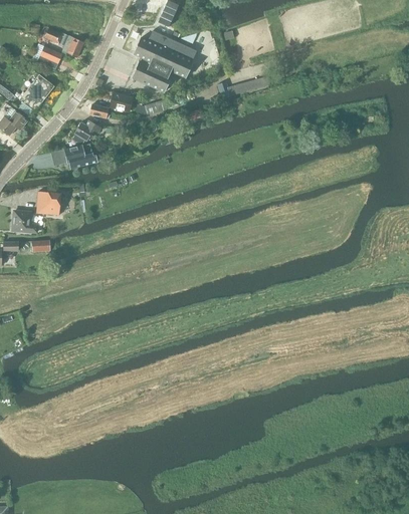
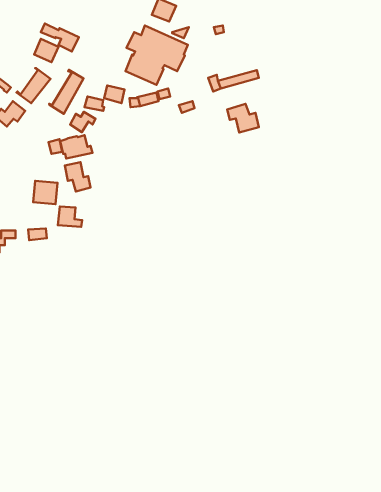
building: none -> [49,70,84,114]
building: none -> [227,104,259,132]
building: none -> [65,162,90,191]
building: [12,211,37,232] -> [58,207,82,227]

